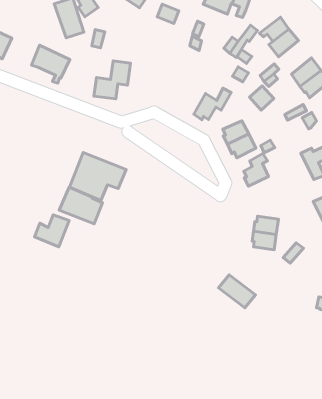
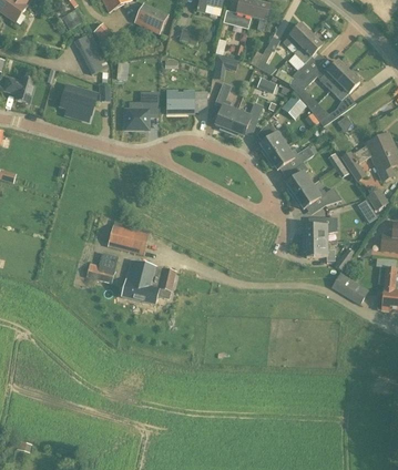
building: none -> [166,89,197,112]
building: none -> [214,82,236,132]
building: [69,152,126,200] -> [121,259,175,305]
building: none -> [292,184,340,208]
building: [219,275,255,308] -> [330,273,368,304]

